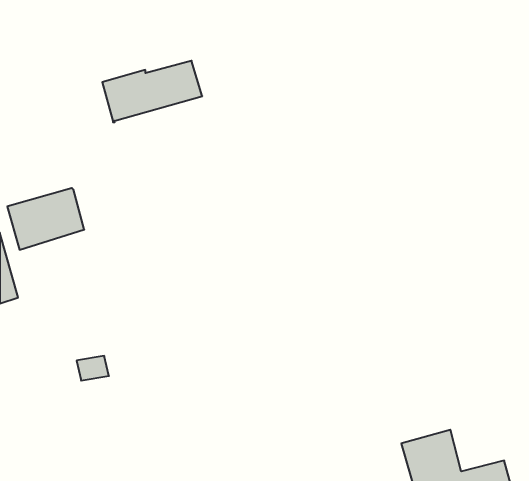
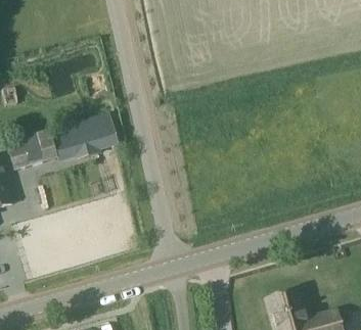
building: [102,61,202,122] -> [50,120,117,160]

